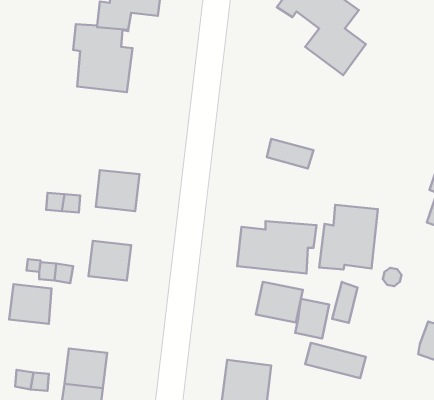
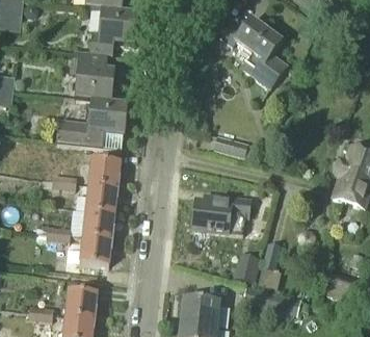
building: none -> [56,97,128,149]
building: [319,205,378,269] -> none
building: none -> [86,185,117,213]
building: [256,282,303,323] -> none
building: [9,284,52,324] -> [80,236,111,265]

